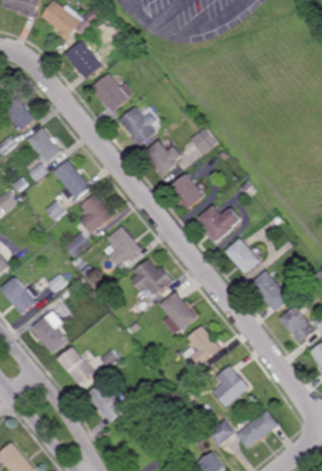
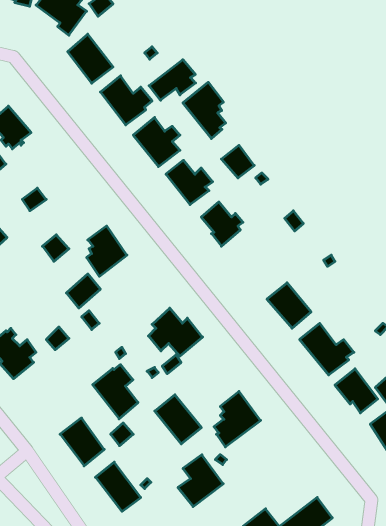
building: none -> [149,60,196,100]
building: none -> [183,82,226,139]
building: [27,127,61,163] -> none
building: [53,160,90,200] -> none
building: [198,205,238,242] -> none
building: [102,226,139,274] -> none
building: [159,292,197,332] -> [155,395,201,444]
building: [31,311,68,355] -> [93,365,138,419]
building: [211,366,247,407] -> [178,455,223,507]

